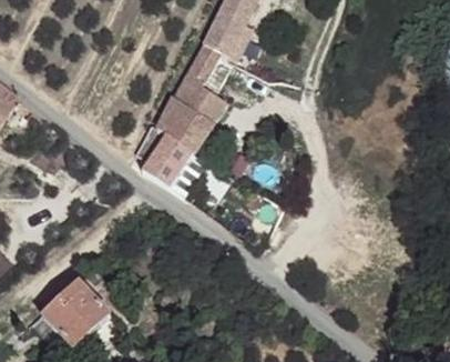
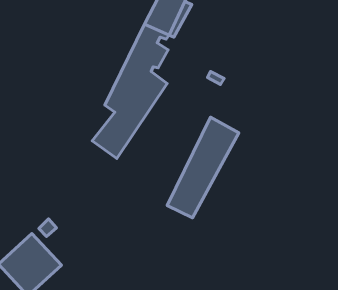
building: none -> [167,117,239,218]

